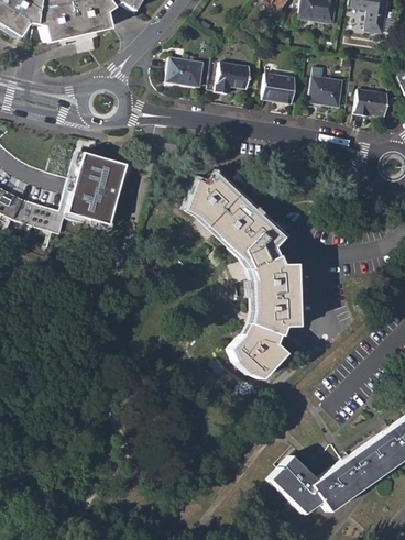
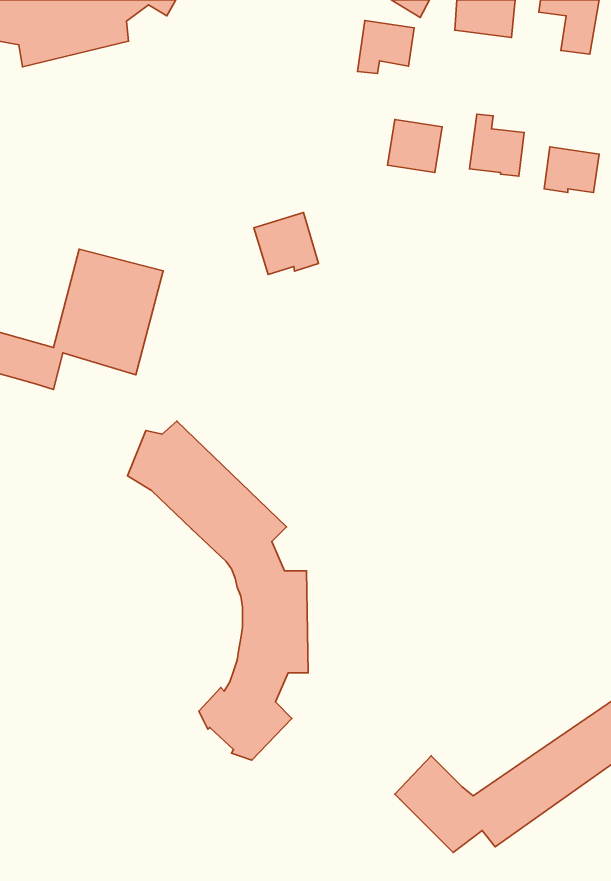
building: [168,60,205,90] -> none
building: [217,63,251,95] -> [358,21,414,73]
building: none -> [254,212,318,274]
building: [185,175,294,379] -> [128,421,308,760]

